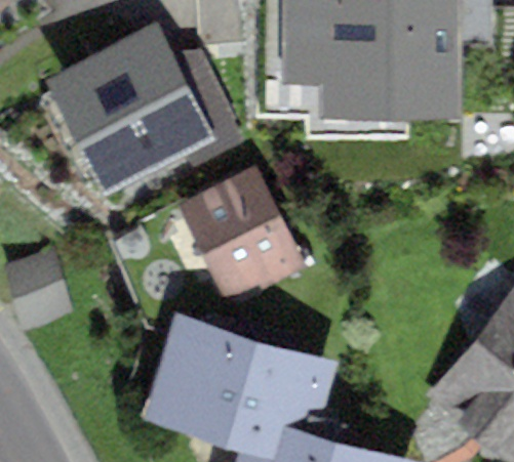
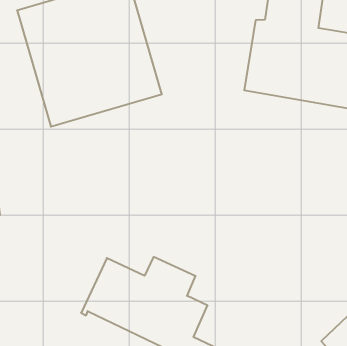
building: [197,184,281,271] -> none

